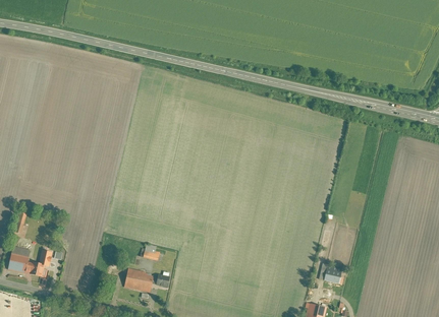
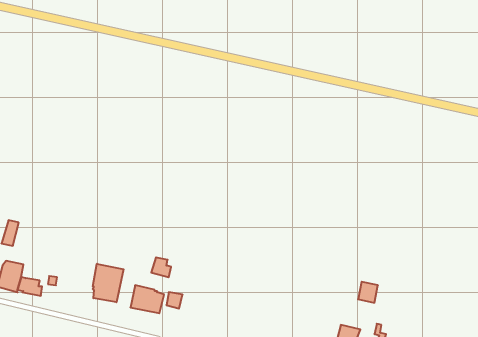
building: none -> [93,264,124,302]

